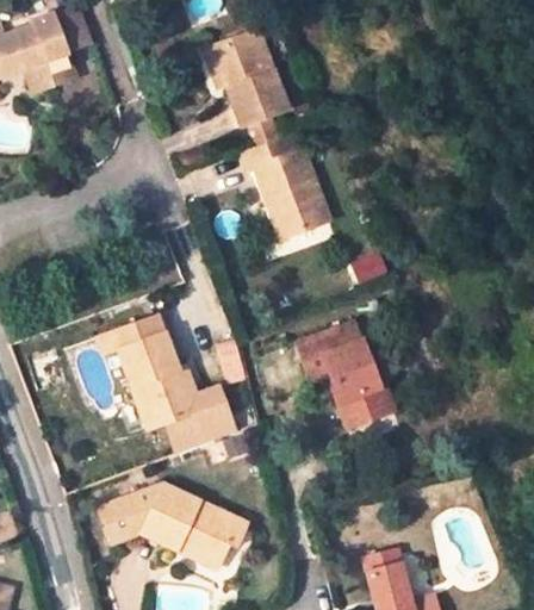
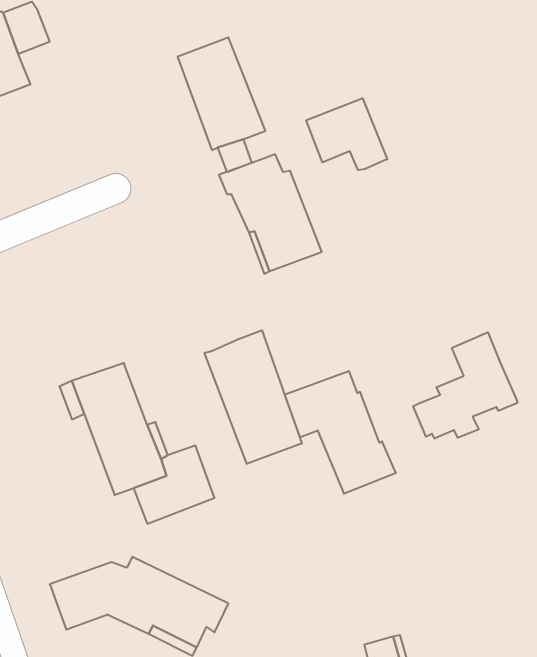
building: none -> [306,98,387,170]
building: none -> [205,330,302,464]
building: none -> [413,332,517,439]

